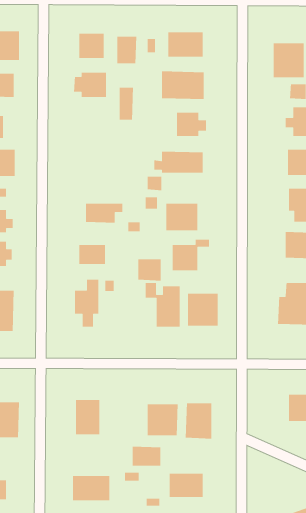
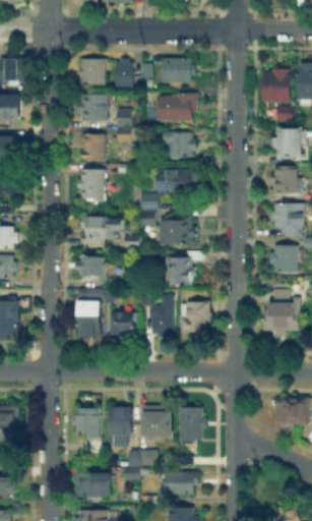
building: none -> [83,135,105,160]
building: none -> [79,171,106,201]
building: [137,259,161,281] -> [111,313,133,335]
building: none -> [111,407,130,445]

